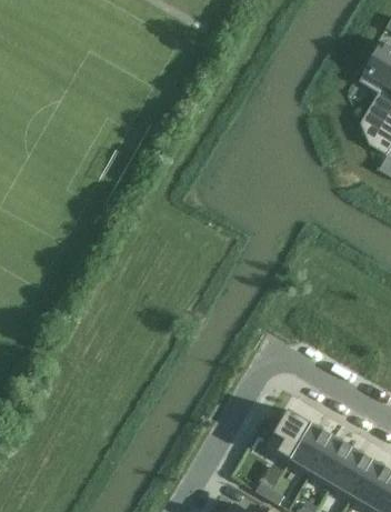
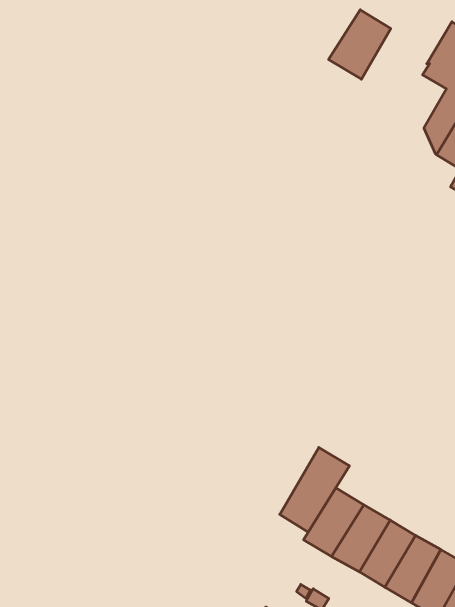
building: none -> [329,10,391,79]
building: none -> [280,447,349,532]

